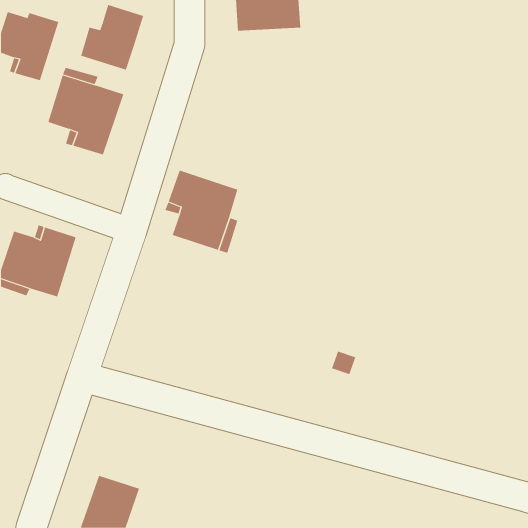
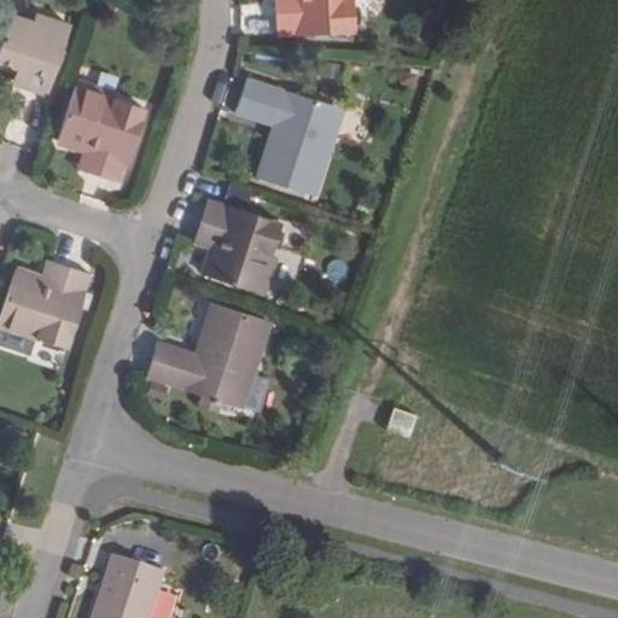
building: [81,4,144,70] -> none
building: none -> [235,77,343,196]
building: none -> [146,303,269,412]

